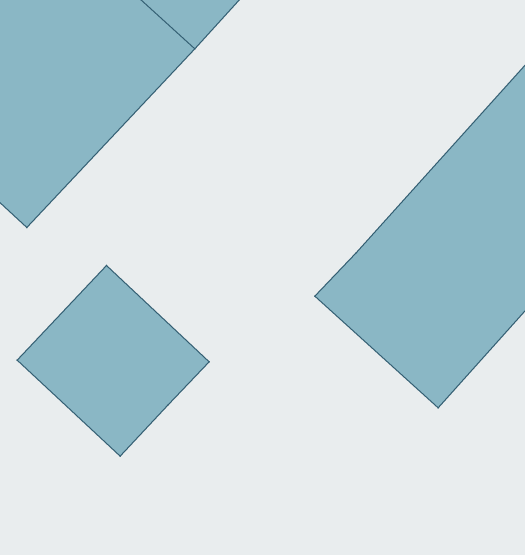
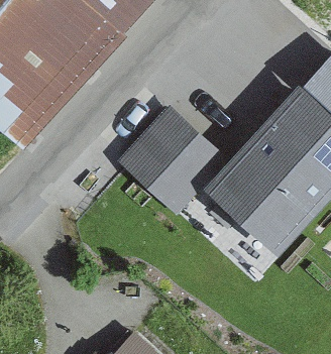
building: [17,266,209,456] -> [114,107,227,219]

